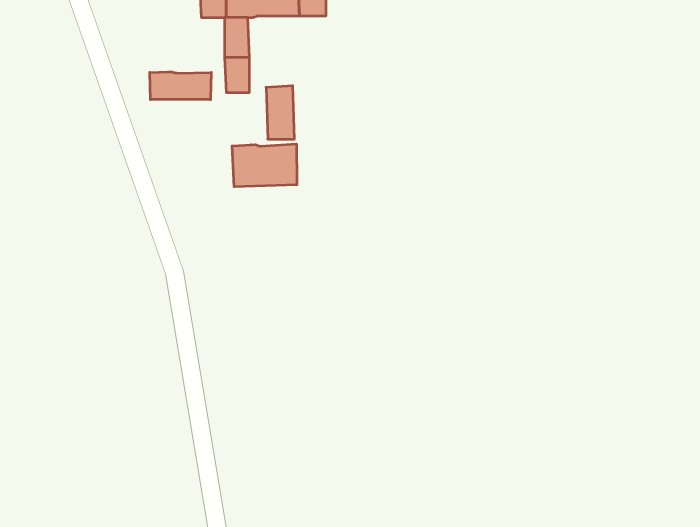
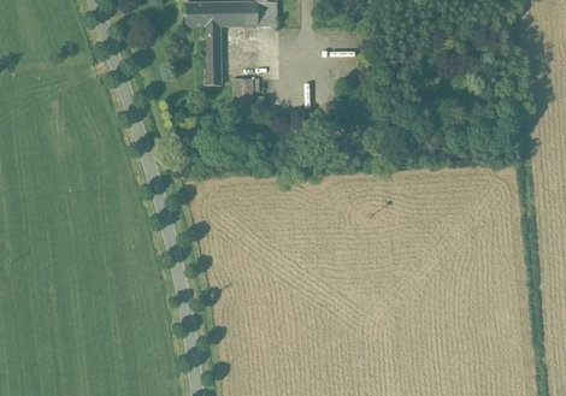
building: [150,72,211,100] -> none
building: [232,144,297,187] -> none

